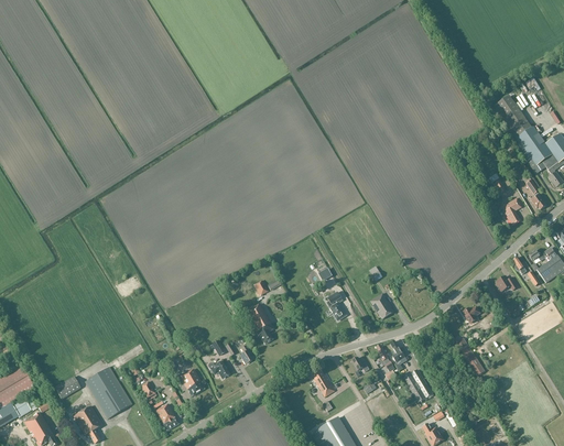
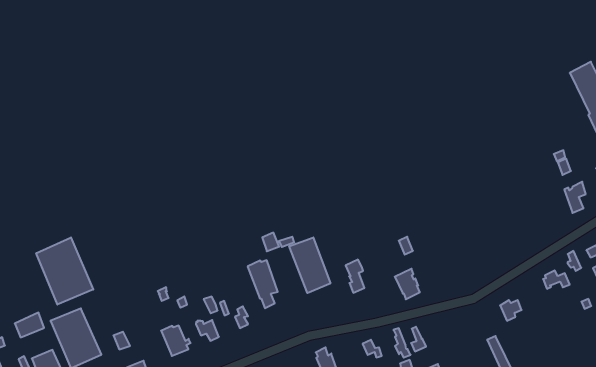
building: none -> [289,237,330,293]
building: none -> [36,237,93,305]

